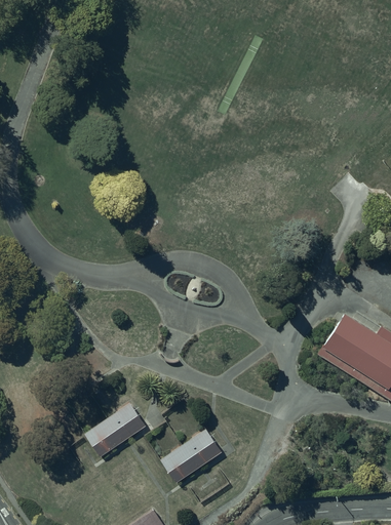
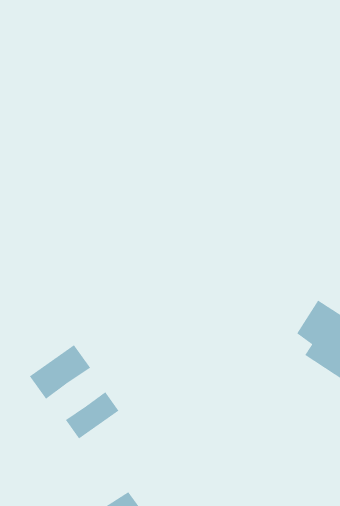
building: none -> [29,344,91,400]
building: [160,430,220,482] -> none

